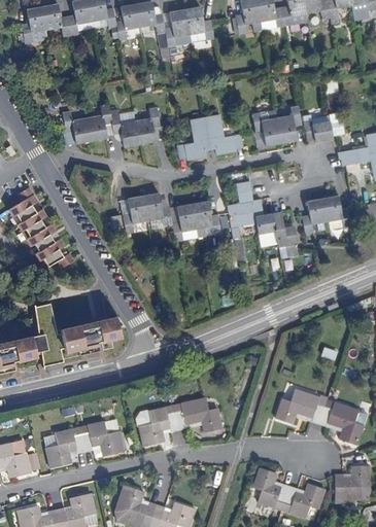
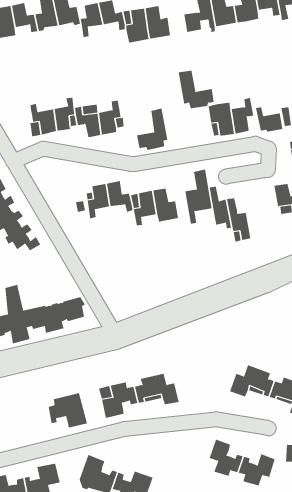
building: [204,113,243,154] -> [178,70,215,109]
building: [303,198,327,235] -> none
building: [47,428,86,467] -> none

